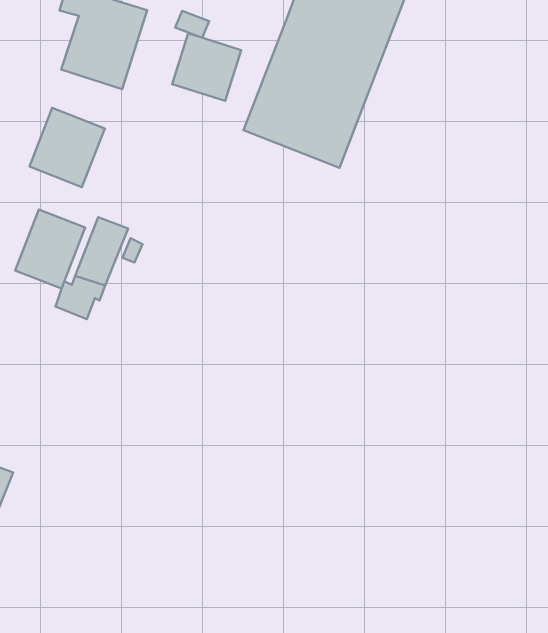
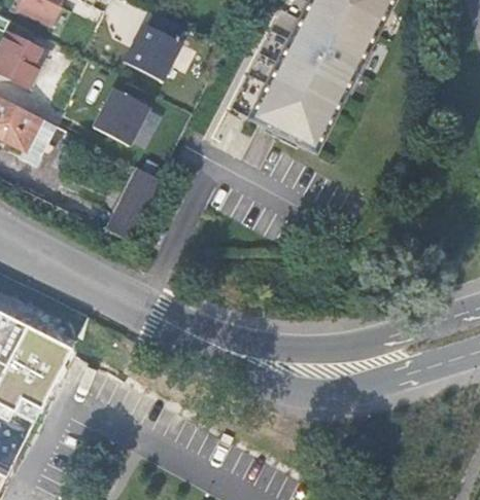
building: [172,33,241,101] -> none
building: [15,210,85,288] -> none

